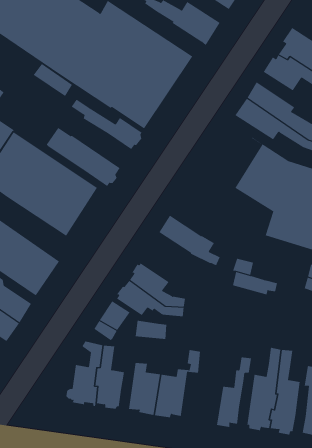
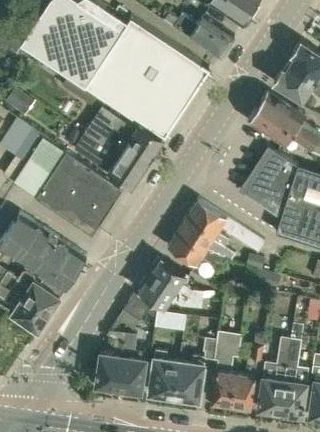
building: none -> [84,115,152,172]
building: none -> [187,200,264,252]
building: none -> [167,231,225,267]
building: none -> [211,331,241,409]

